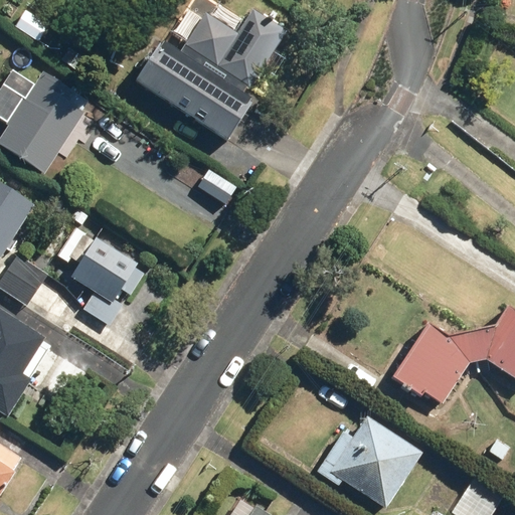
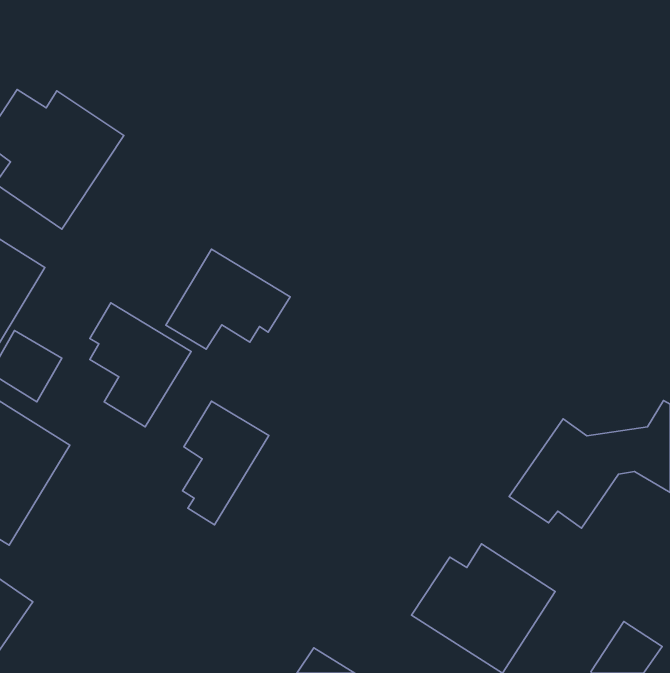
building: [132,9,282,143] -> none
building: none -> [166,249,290,349]
building: none -> [183,401,269,525]

